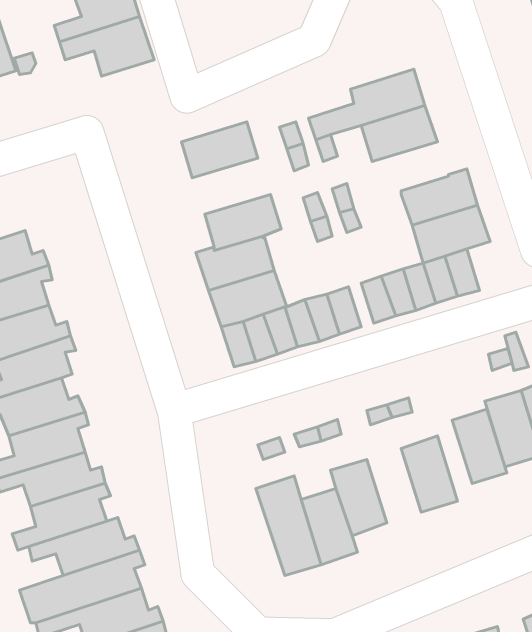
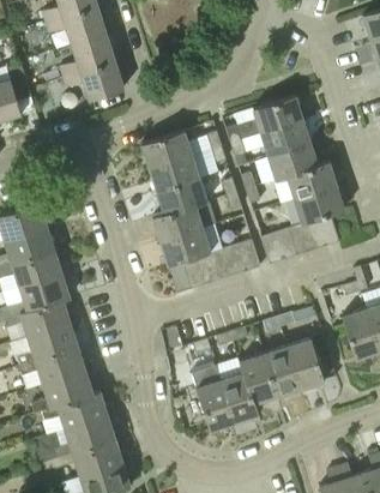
building: none -> [267,143,318,180]
building: none -> [149,154,200,191]
building: [452,409,507,484] -> [264,345,300,395]

